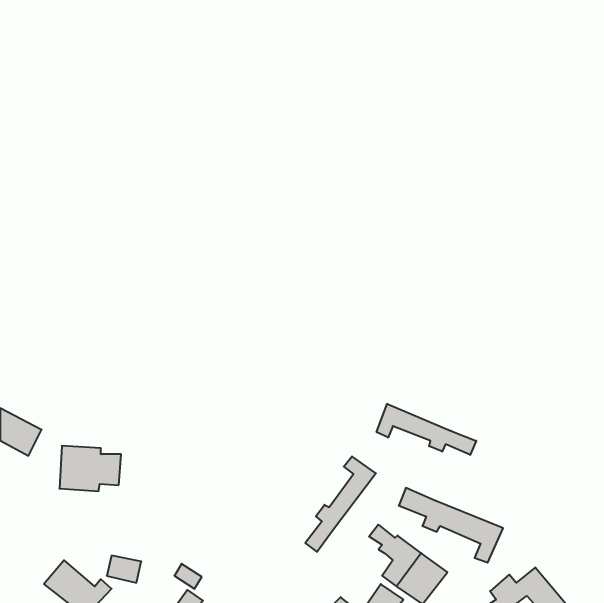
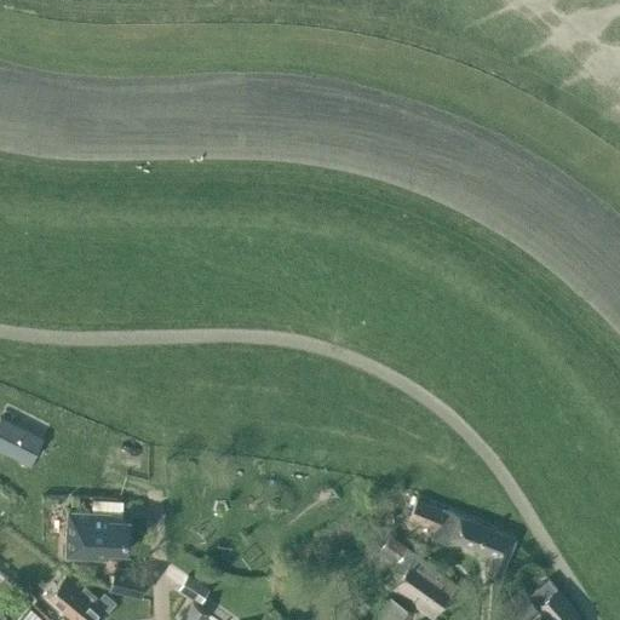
building: [377,404,476,455] -> none
building: [59,446,121,491] -> [67,515,130,561]
building: [305,456,376,552] -> none

